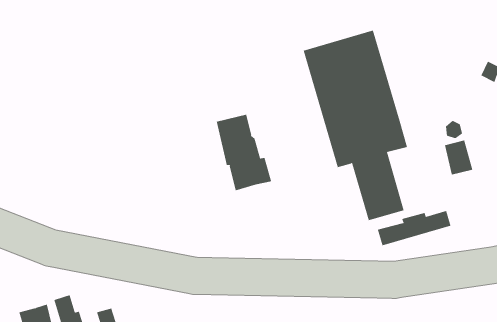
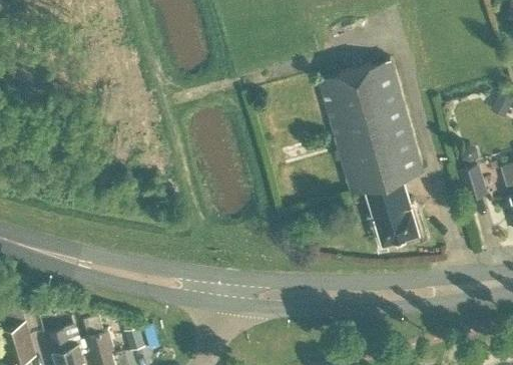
building: [216,114,272,191] -> none
building: [377,210,451,246] -> none

